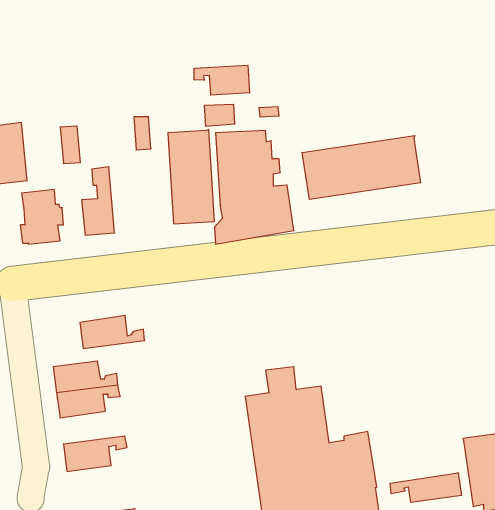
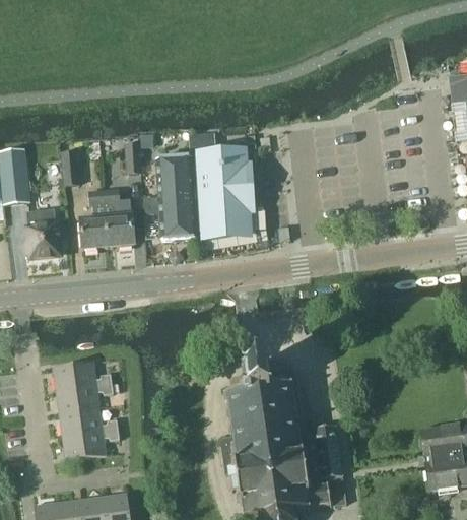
building: [194,65,250,95] -> none
building: [302,136,421,199] -> none
building: none -> [104,187,134,247]
building: [80,316,145,349] -> [60,406,118,436]
building: [390,473,461,502] -> none

